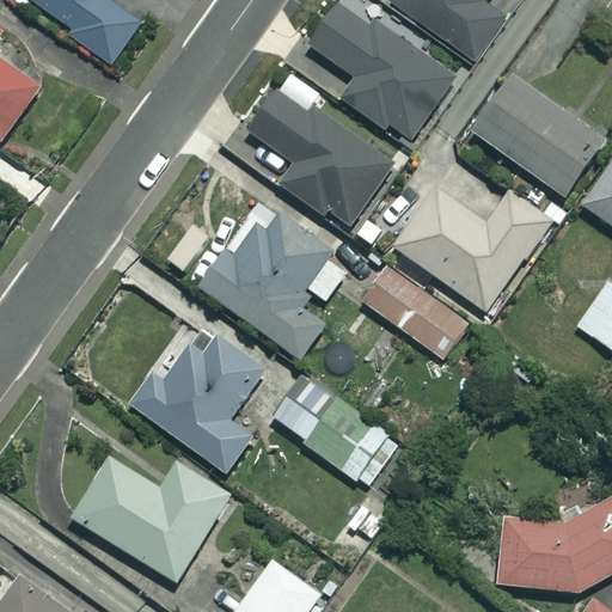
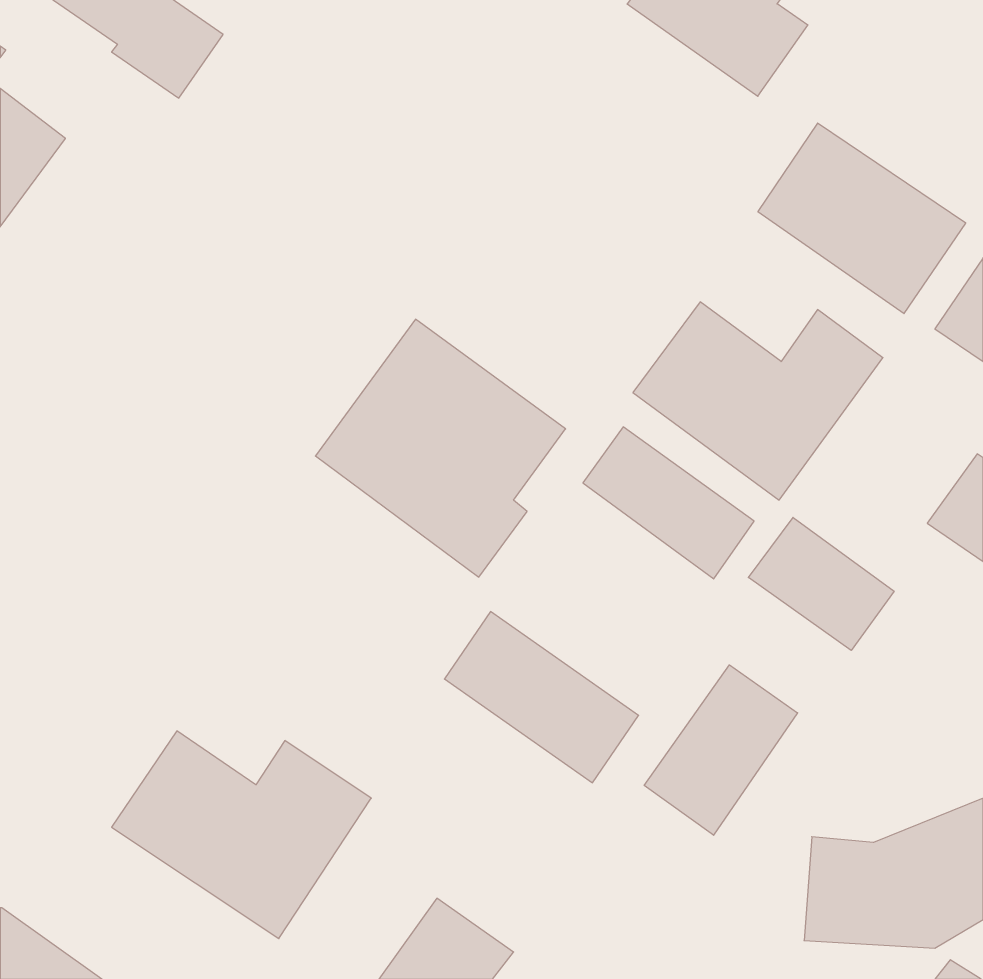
building: [308,7,453,143] -> none
building: [246,91,394,231] -> none
building: none -> [748,517,894,650]
building: [130,335,262,471] -> none
building: none -> [644,665,798,835]

